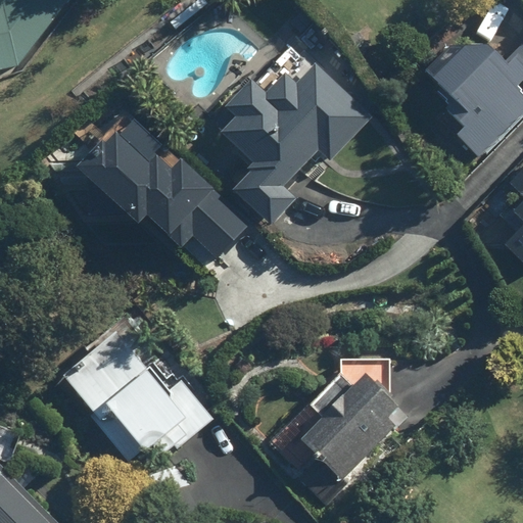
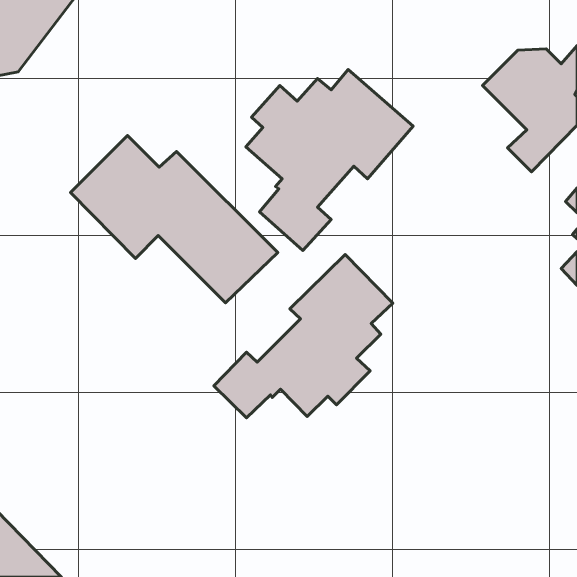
building: none -> [214,254,393,418]
building: [65,332,213,462] -> none
building: [296,373,408,500] -> none

